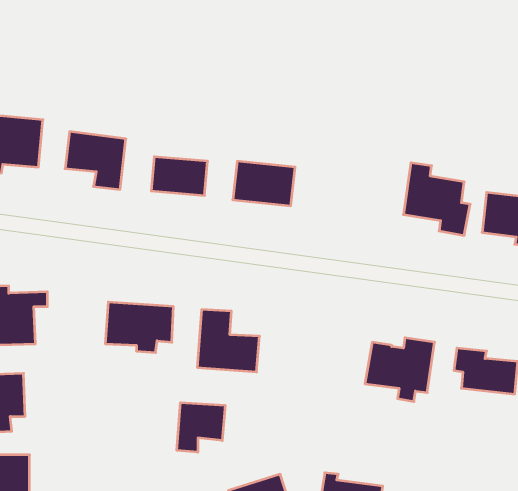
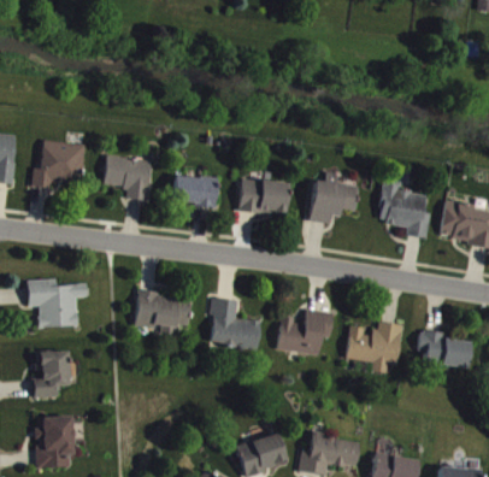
building: none -> [310,179,359,223]
building: none -> [276,308,334,354]
building: [177,403,225,452] -> none

